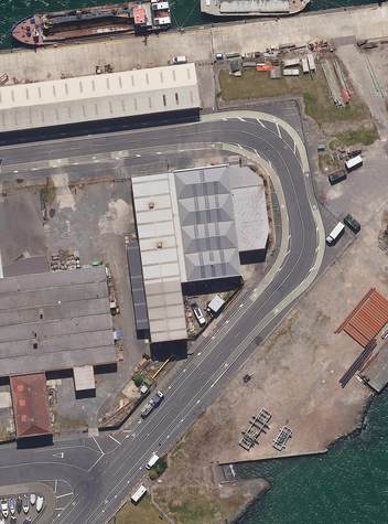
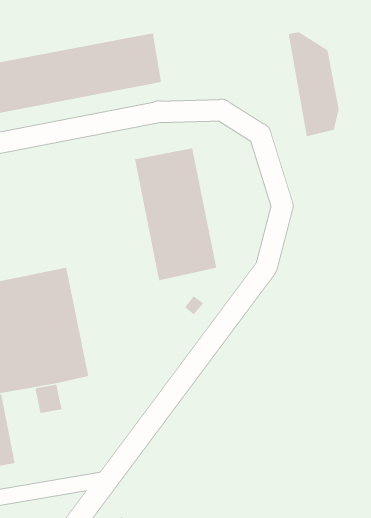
building: [226,163,267,256] -> [288,31,340,137]
building: [125,173,191,343] -> none

